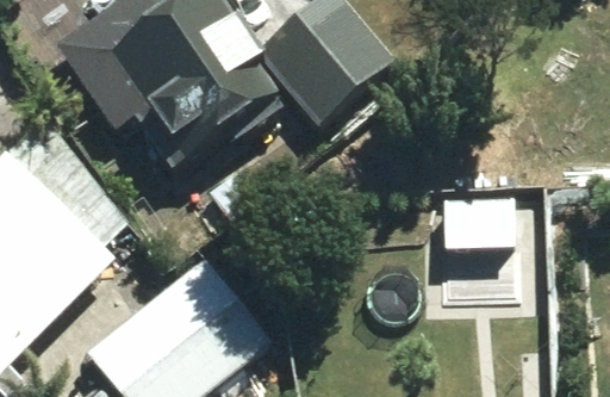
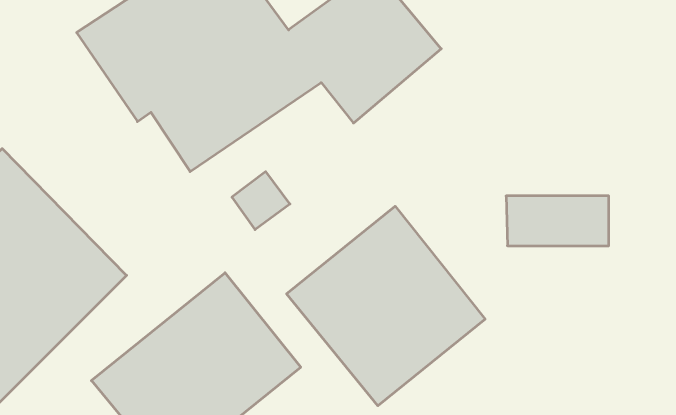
building: none -> [287,206,485,406]

